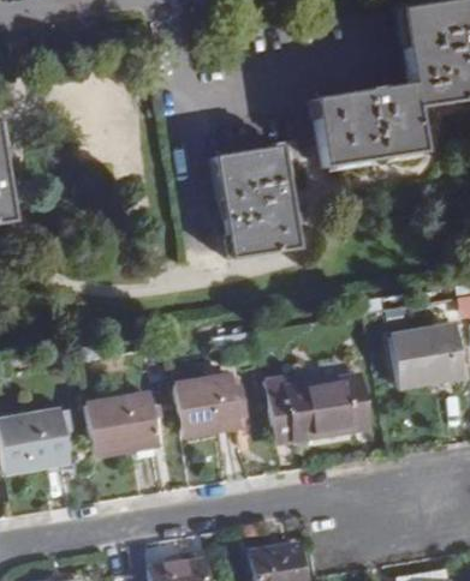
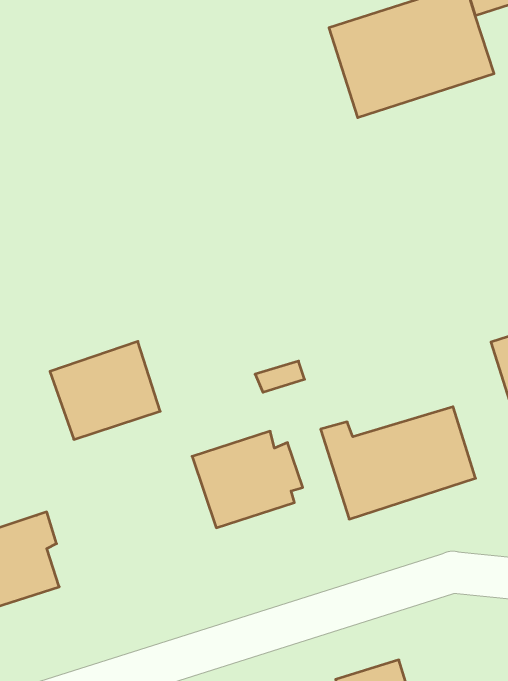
building: [212,145,297,257] -> none
building: [85,393,157,454] -> [50,341,160,439]

